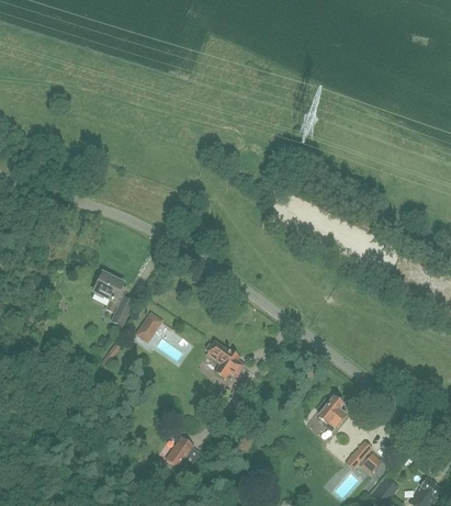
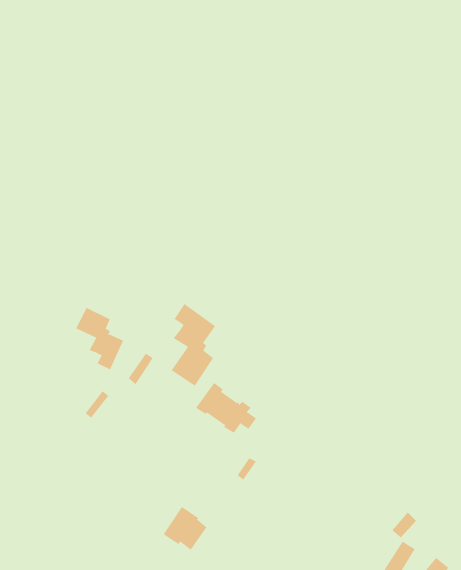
building: none -> [171,303,216,386]
building: [317,395,345,427] -> none

